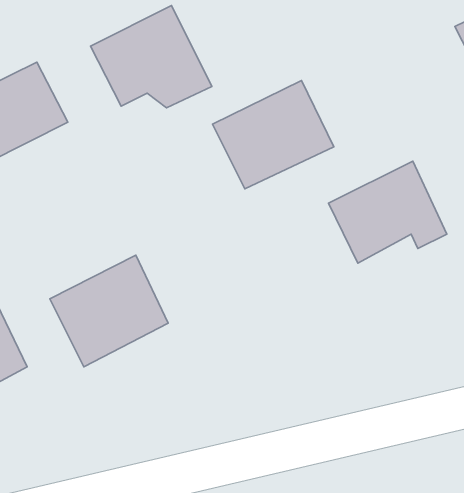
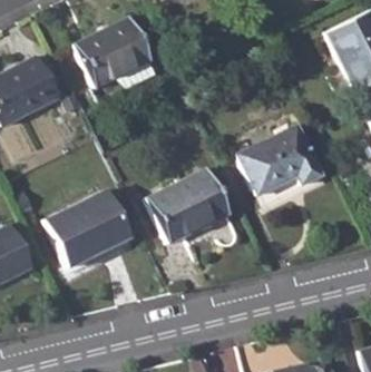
building: [212,80,334,189] -> [147,168,231,243]

